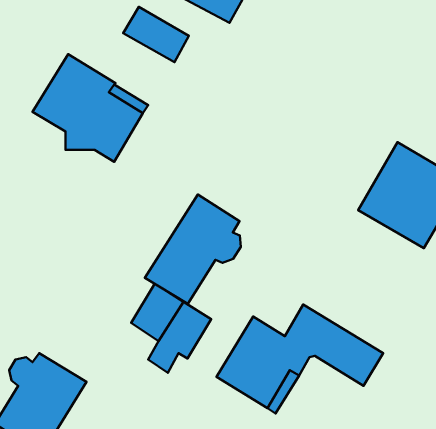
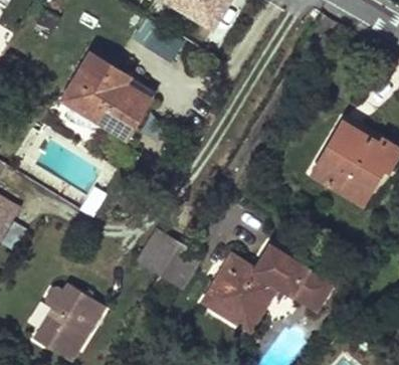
building: [145,194,241,304] -> none

